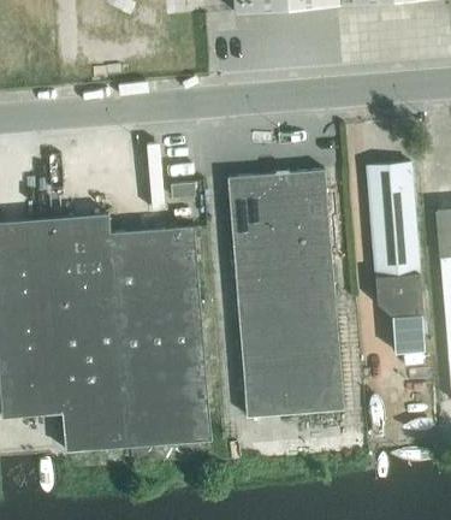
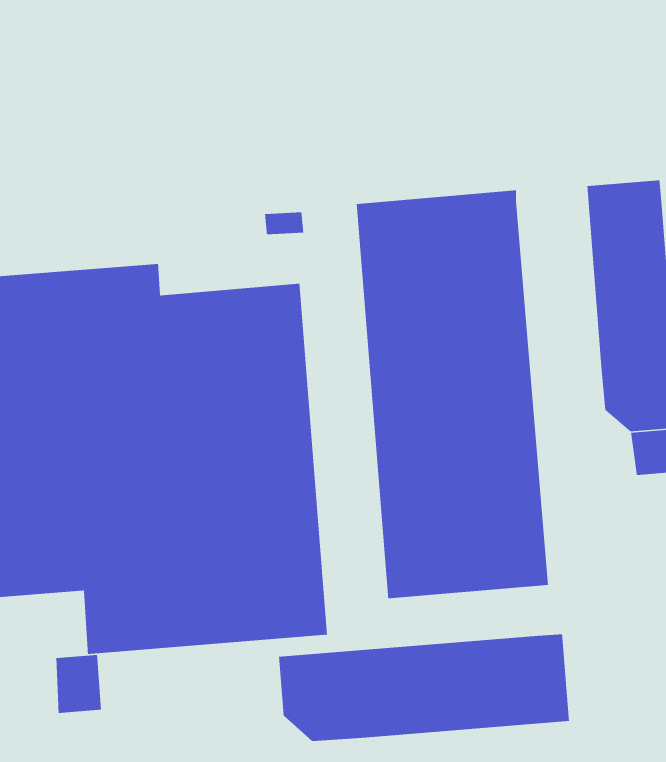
building: none -> [278,633,570,742]
building: none -> [56,654,102,714]

